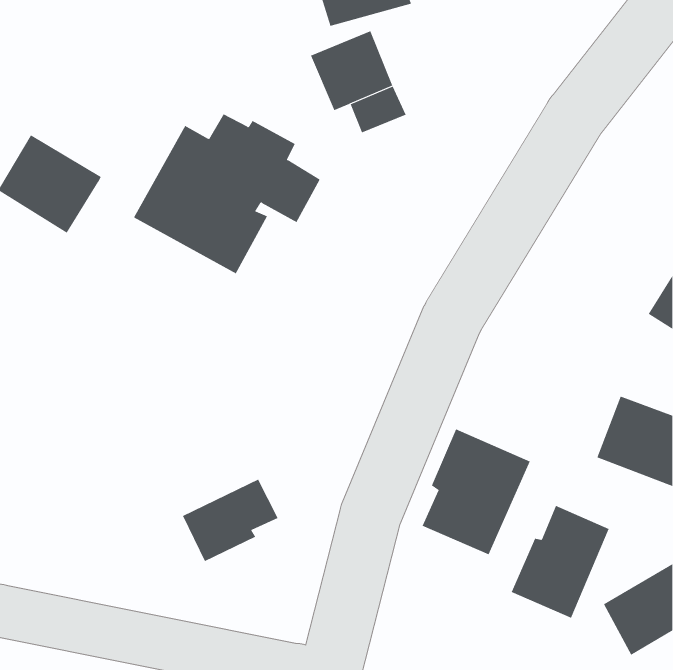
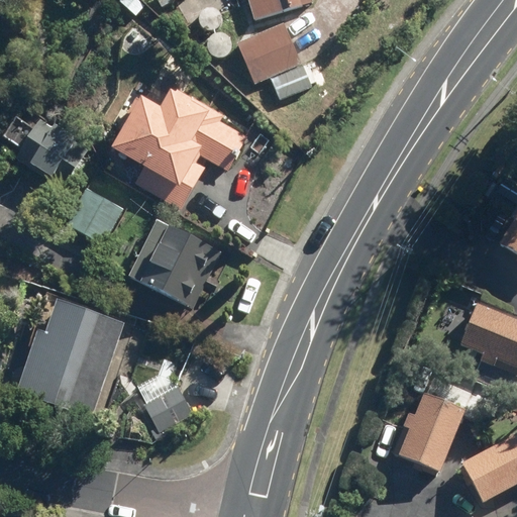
building: none -> [75,190,124,245]
building: none -> [129,218,225,307]
building: none -> [35,299,126,417]
building: [422,429,531,555] -> none

